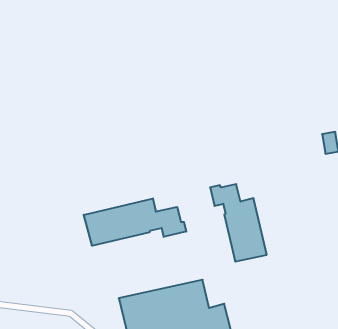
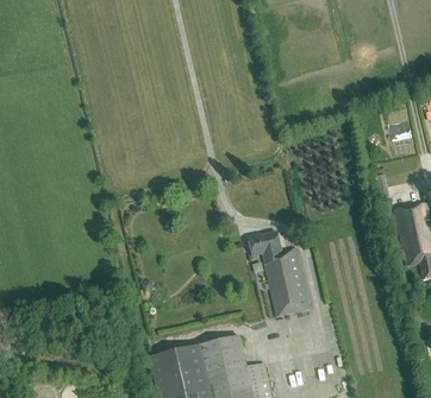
building: [84,198,186,246] -> none

